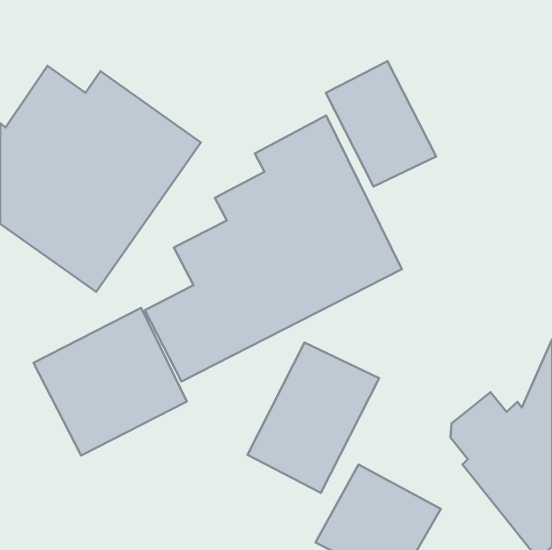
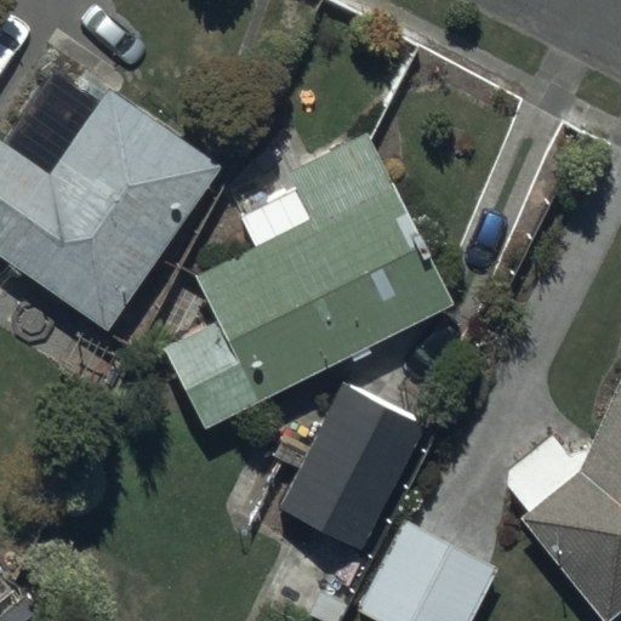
building: [326,61,436,186] -> none
building: [33,308,187,456] -> none

